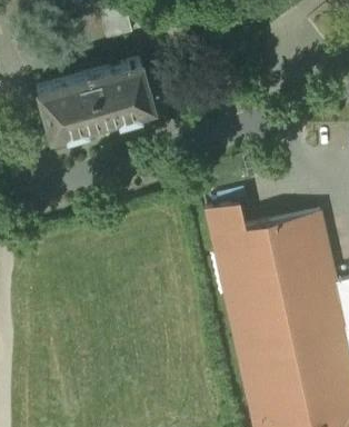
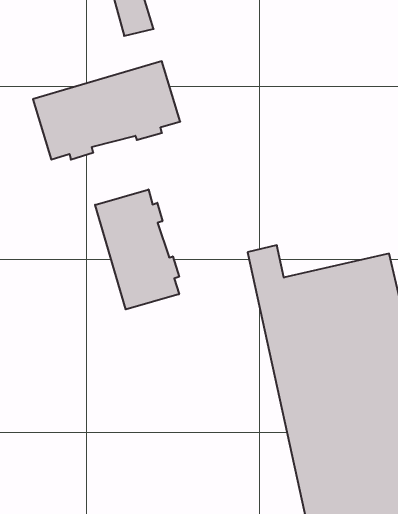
building: none -> [95,189,179,309]

